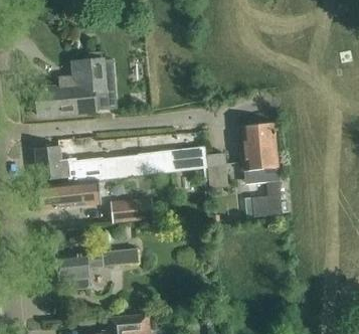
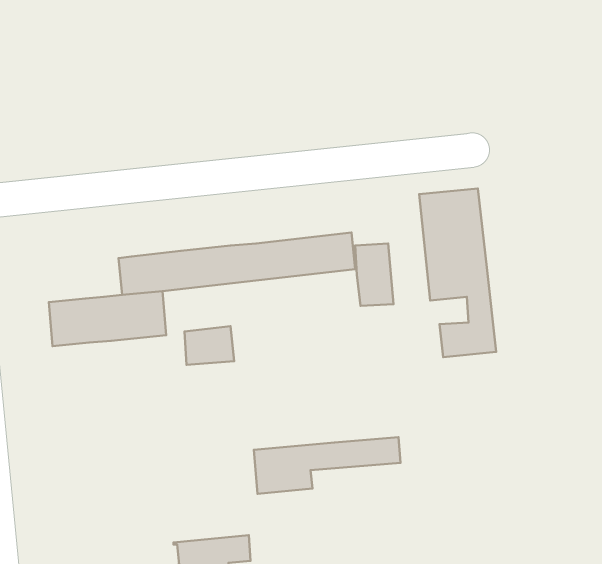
building: [36,58,106,115] -> none
building: [35,145,78,182] -> none
building: [56,248,137,280] -> [254,437,400,494]

